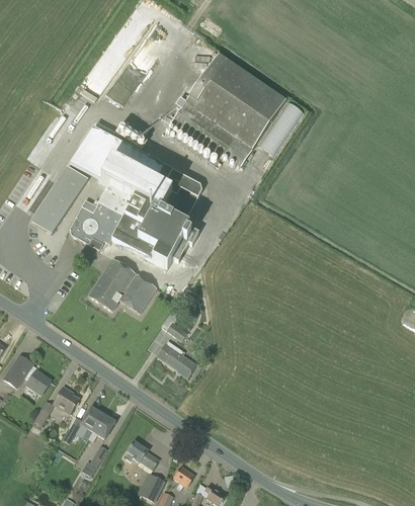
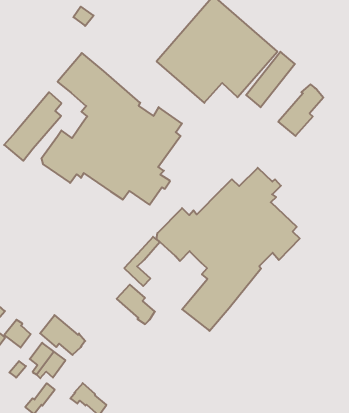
building: none -> [278,84,323,136]
building: none -> [157,168,300,331]
building: [89,259,156,313] -> none
building: none -> [40,315,85,355]

